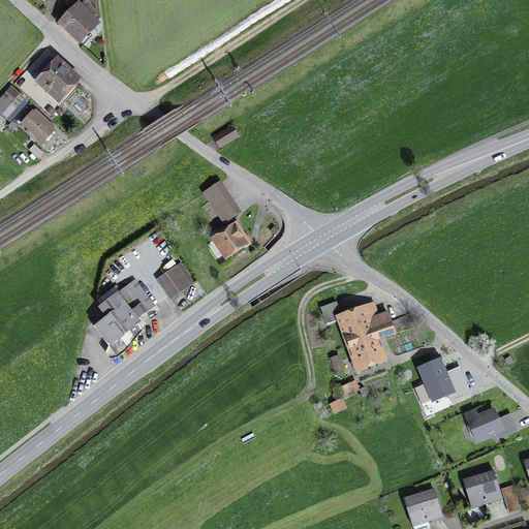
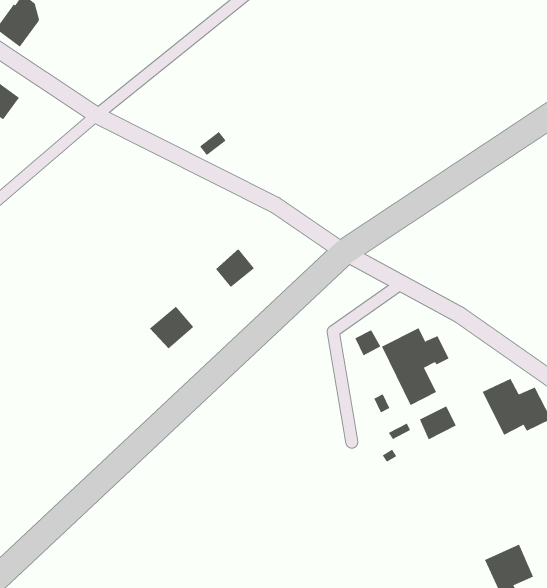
building: [209,191,237,221] -> none
building: [96,280,153,349] -> none
building: none -> [419,406,457,440]

